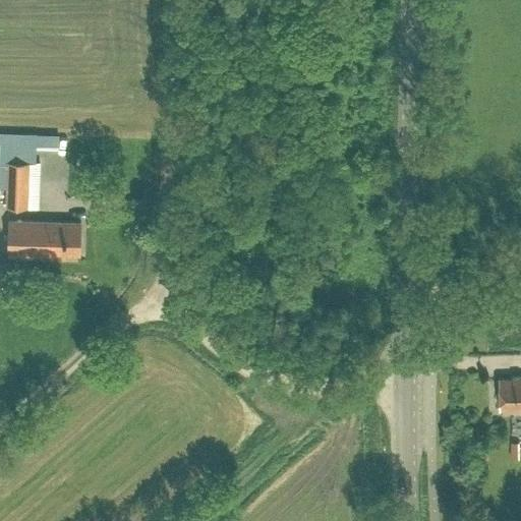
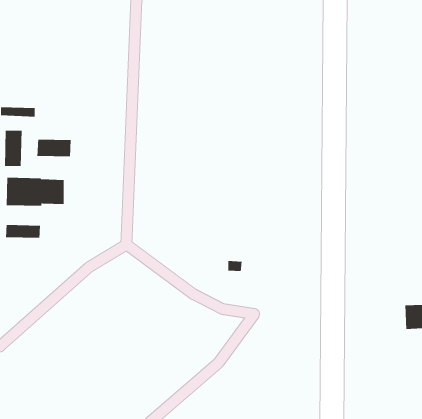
building: none -> [37,139,72,157]
building: none -> [5,224,41,239]

